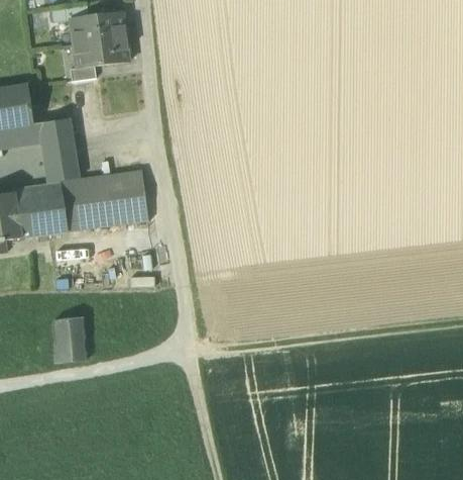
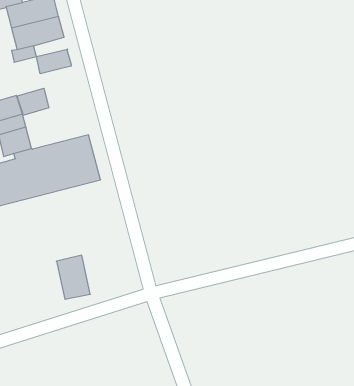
building: none -> [37,49,71,74]
building: none -> [18,88,49,115]
building: [53,316,86,362] -> [56,255,90,299]

